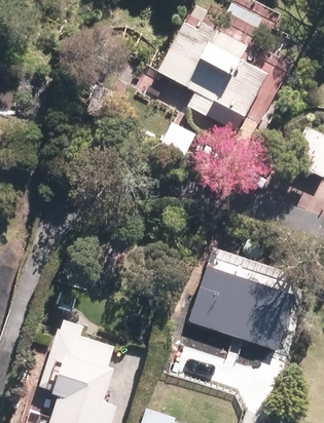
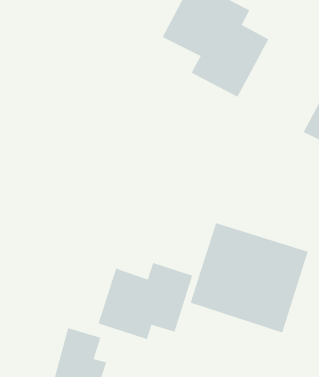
building: none -> [98,262,193,340]

